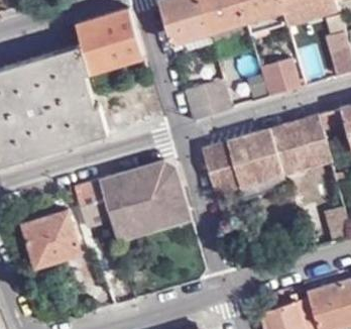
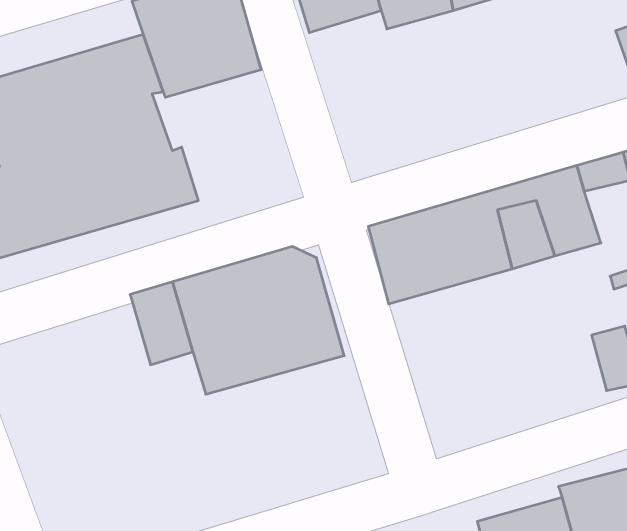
building: [259,57,299,98] -> none
building: [184,78,231,119] -> none
building: [23,209,81,264] -> none

